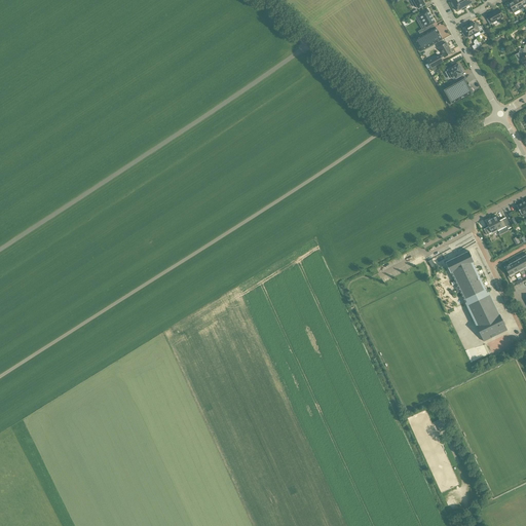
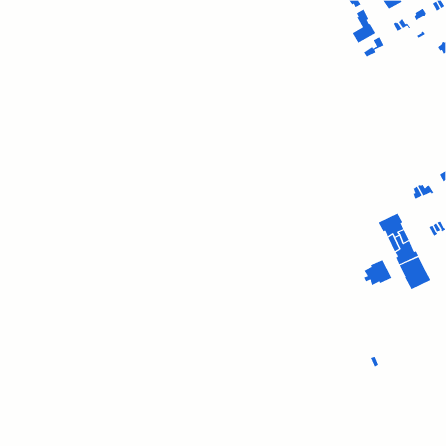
building: [442,64,473,104] -> none
building: none -> [363,259,392,286]

